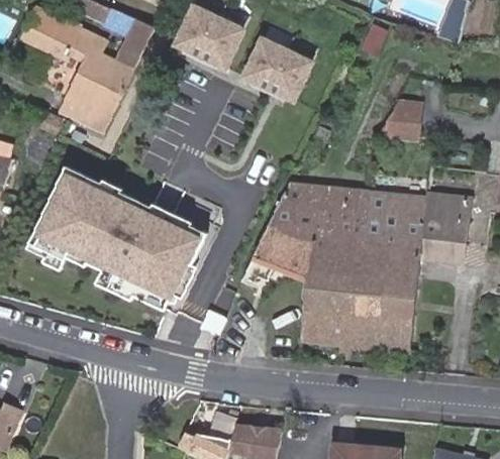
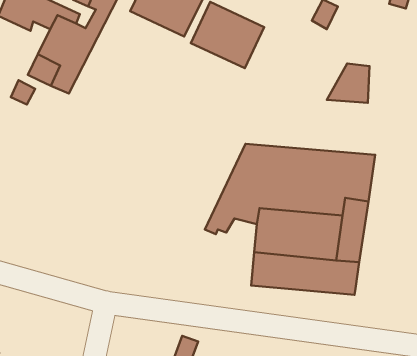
building: [37,176,200,301] -> none
building: [423,189,472,260] -> none

